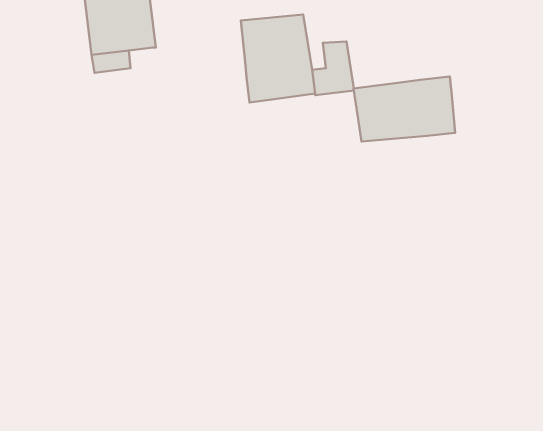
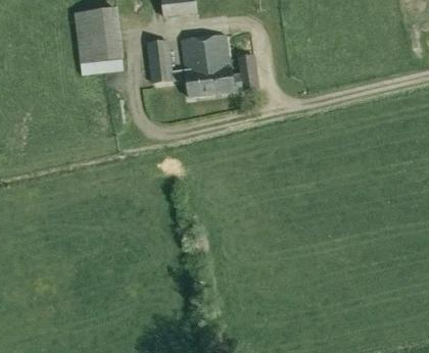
building: none -> [147,39,186,82]
building: [354,76,455,142] -> none

